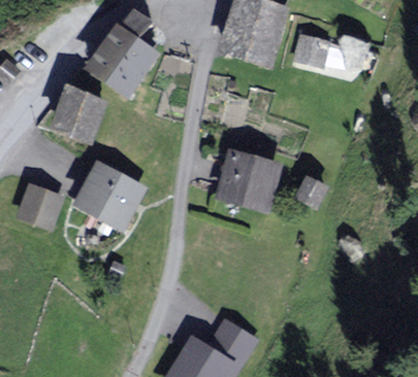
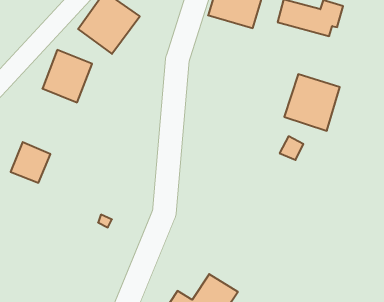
building: [217,150,275,209] -> [284,74,340,131]
building: [75,164,141,227] -> none

